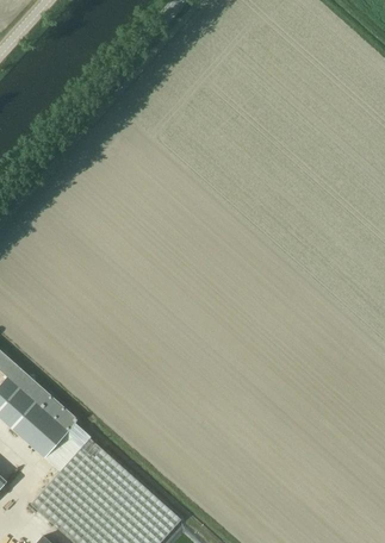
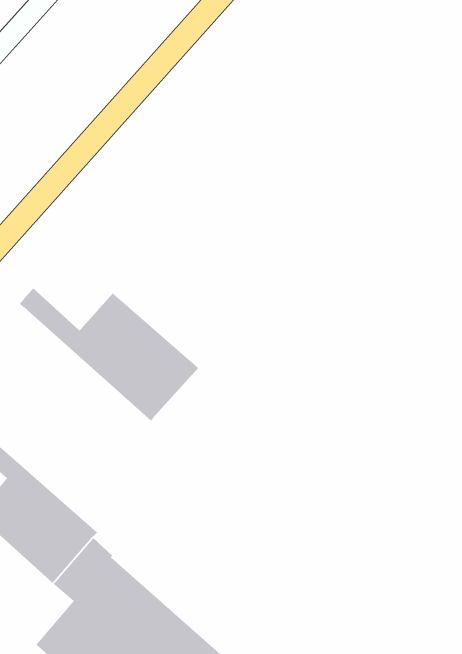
building: none -> [19,287,199,421]

